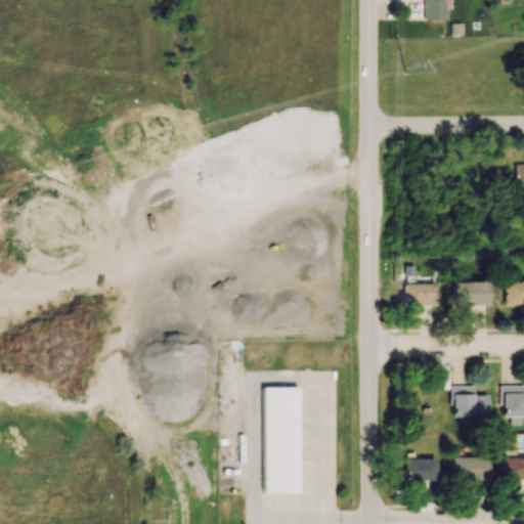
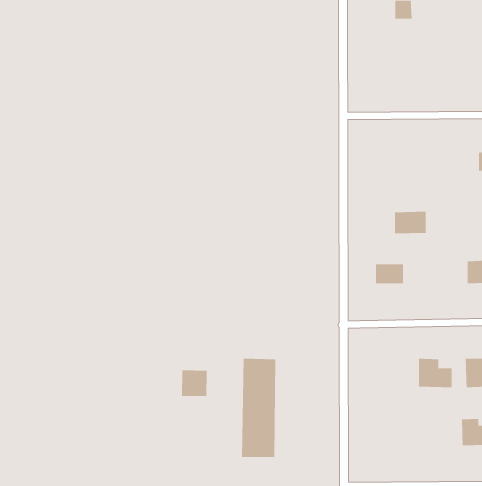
building: [456,281,491,306] -> [394,211,427,234]
building: none -> [181,370,207,397]
building: [454,457,490,481] -> none
building: [407,460,439,482] -> none

